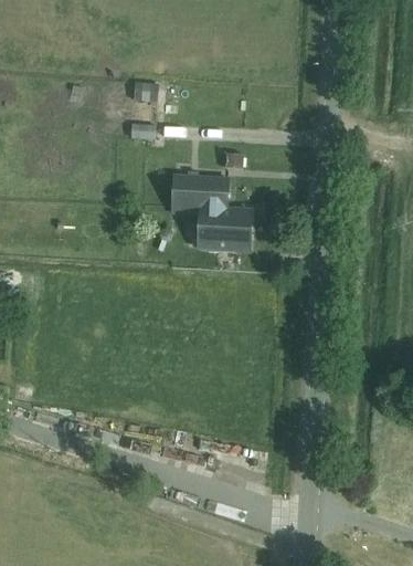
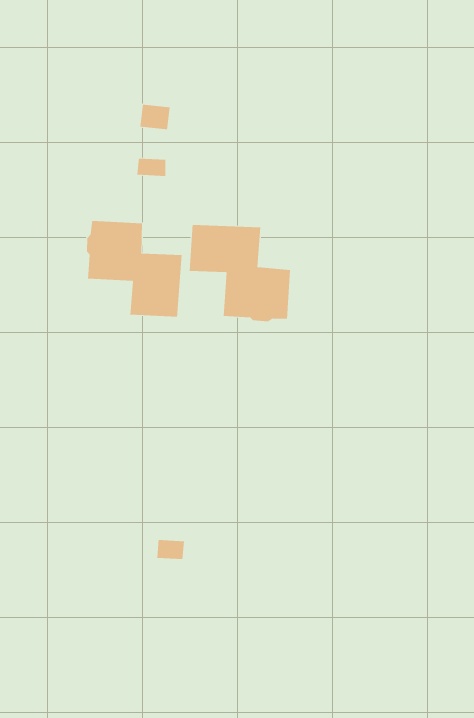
building: none -> [87,220,182,318]

